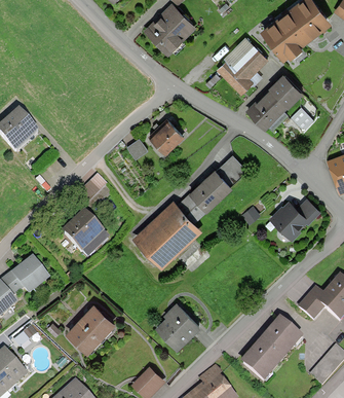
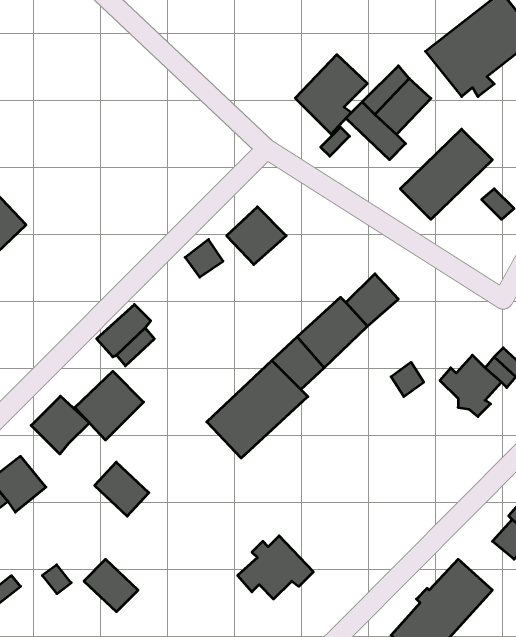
building: [147,5,188,50] -> [295,55,367,134]
building: none -> [31,396,89,454]
building: [80,305,111,336] -> [95,462,149,516]

